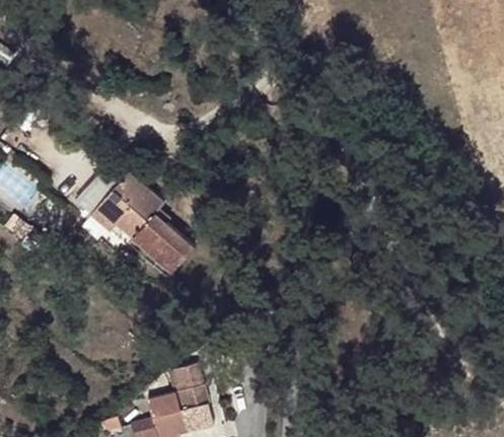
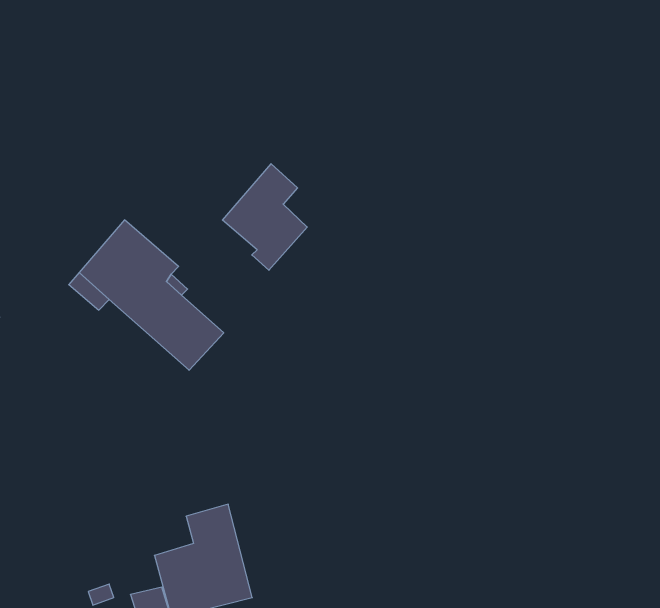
building: none -> [222,164,307,270]

